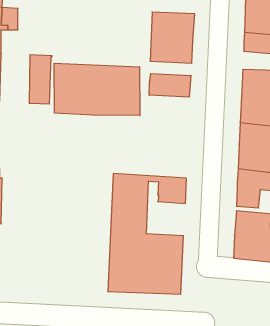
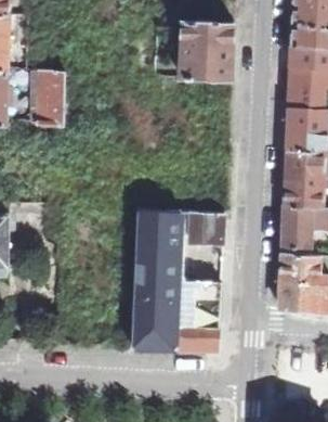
building: [54,63,140,116] -> none
building: [149,74,191,97] -> none

